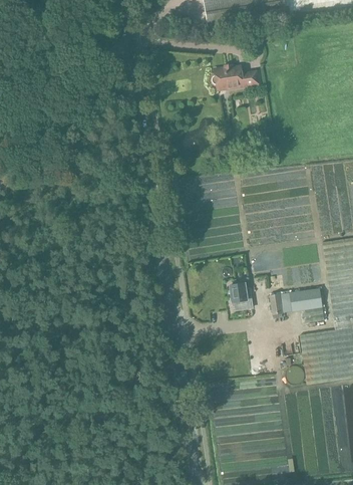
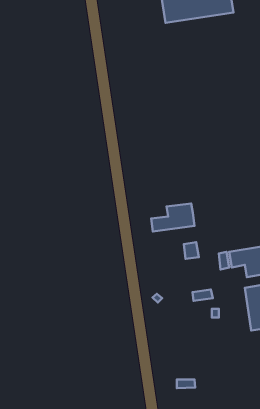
building: [215,64,261,86] -> none
building: none -> [151,203,194,231]

